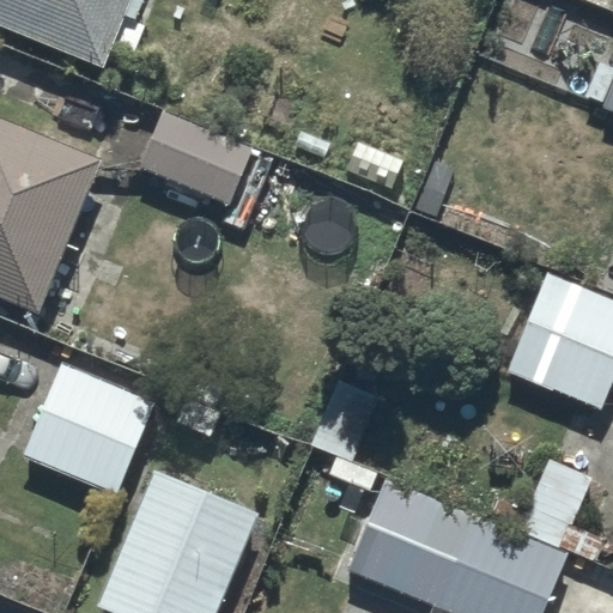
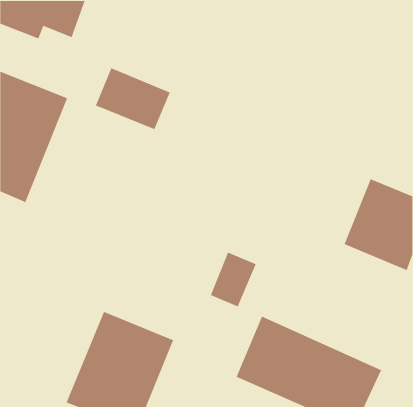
building: [26,362,156,497] -> none

